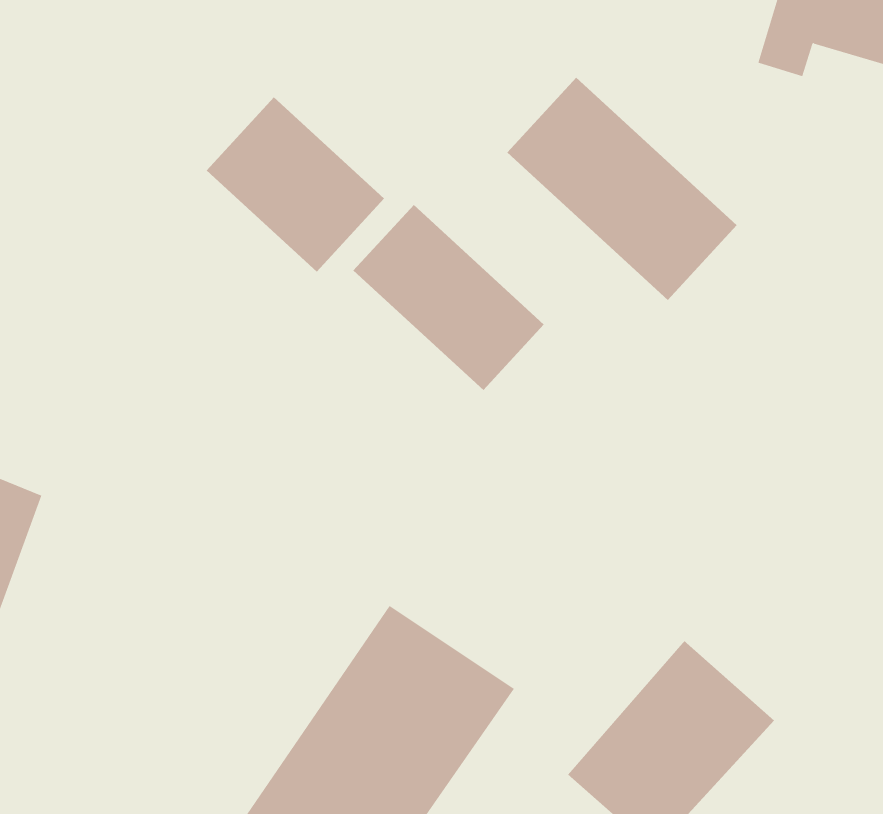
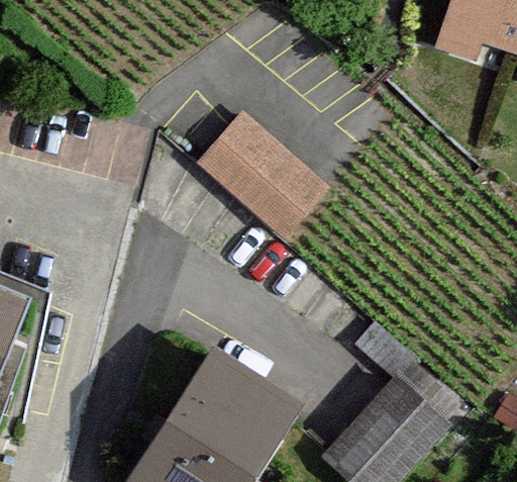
building: [507,77,737,301] -> none
building: [206,97,385,273] -> none

